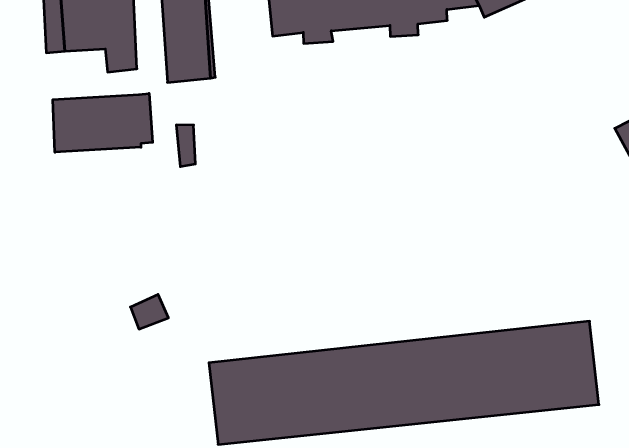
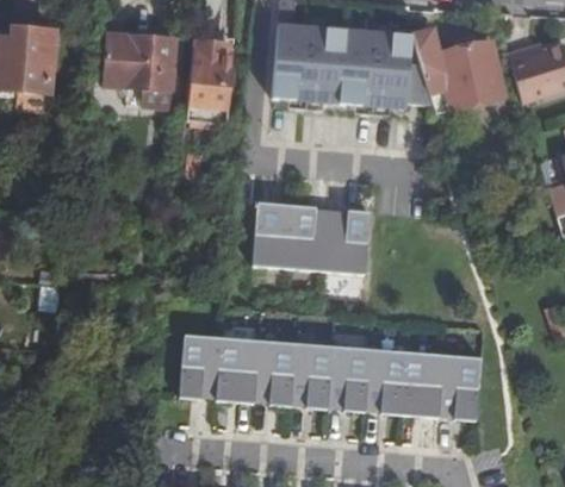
building: [53,93,153,152] -> none
building: none -> [252,206,368,271]

